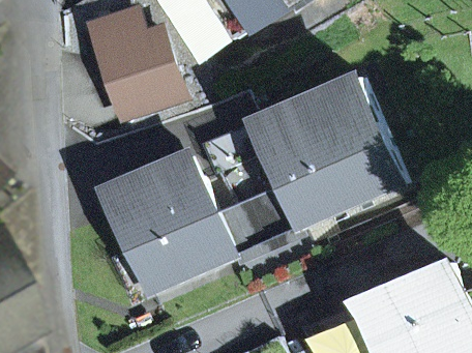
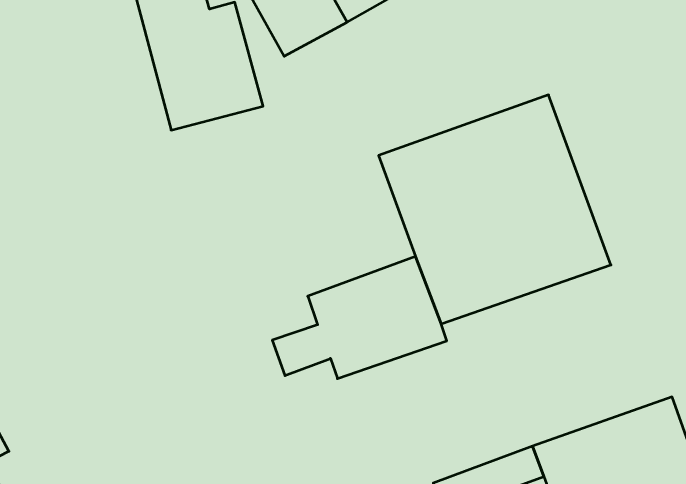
building: [101,154,219,293] -> none

